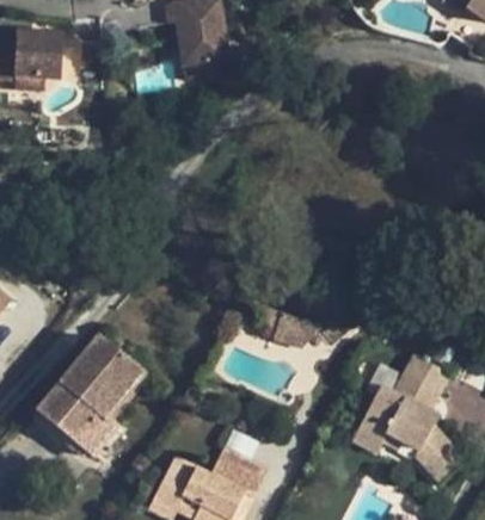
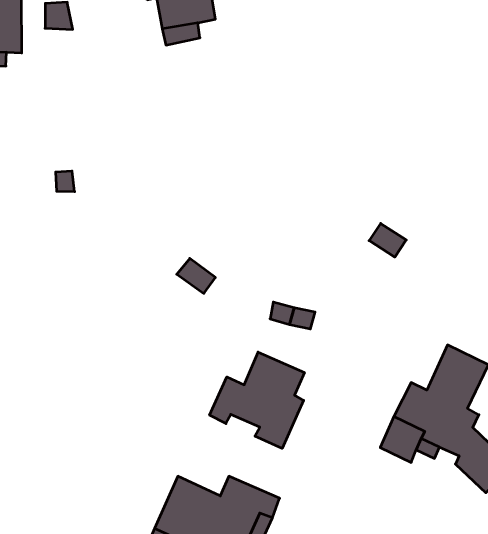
building: [37,334,145,454] -> none
building: none -> [210,352,304,448]

